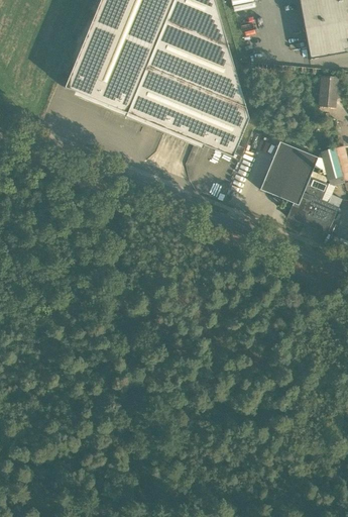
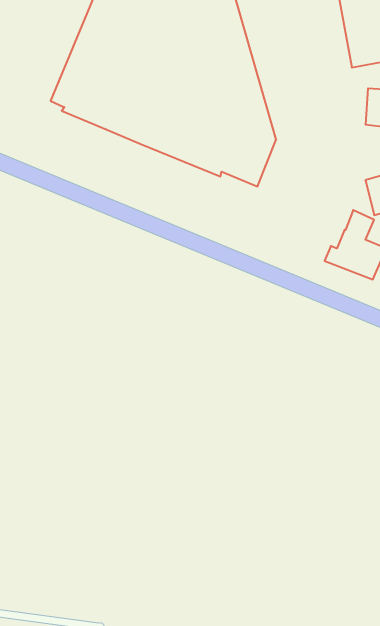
building: [259,139,317,205] -> none

